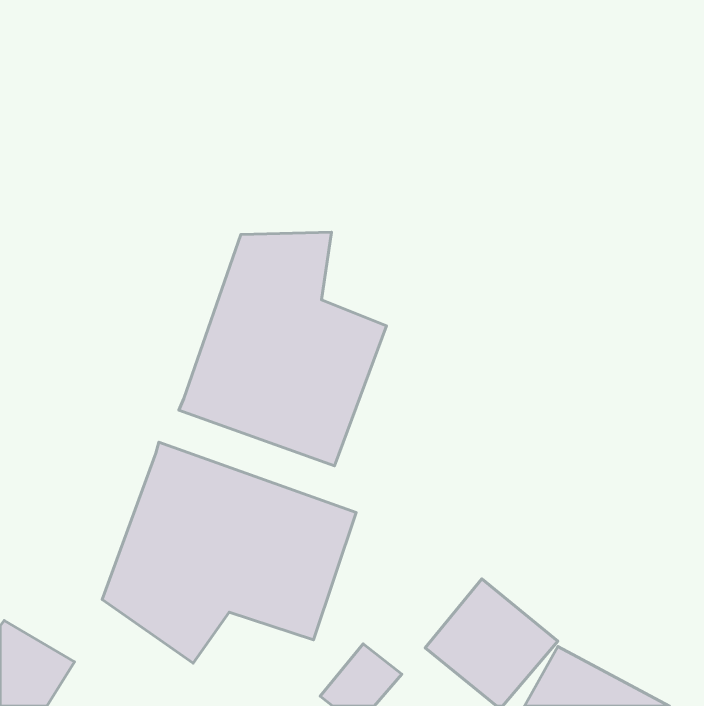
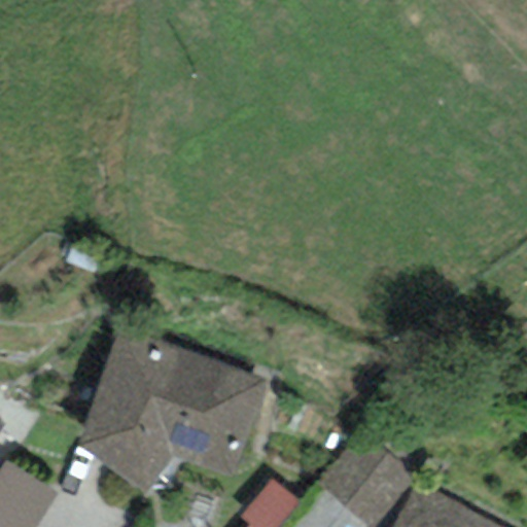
building: [179,232,387,466] -> none

